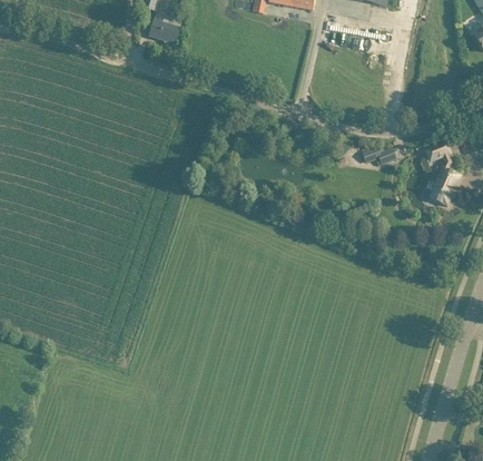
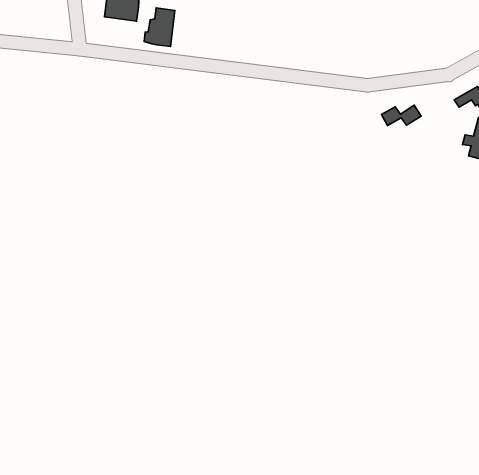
building: none -> [144,8,175,46]

